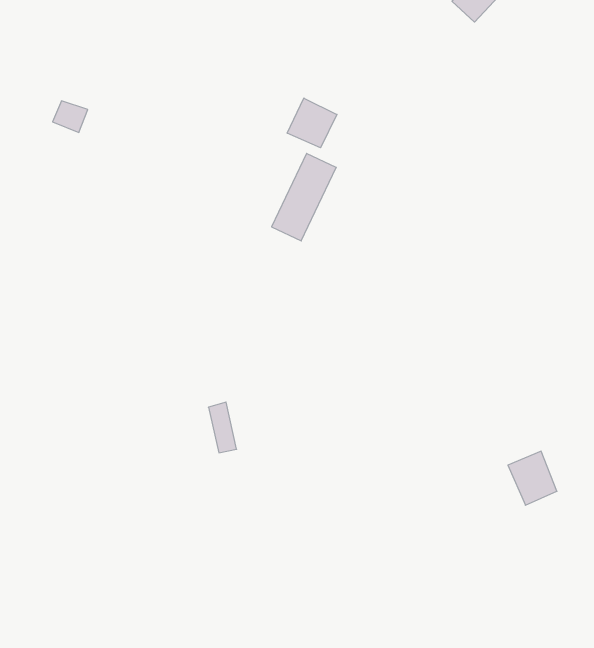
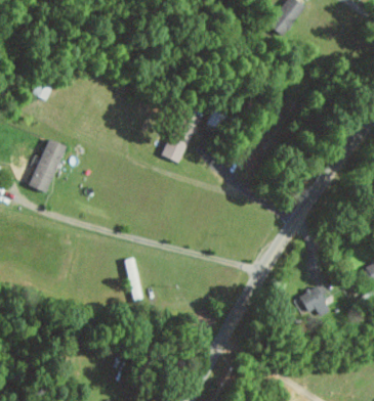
building: [287,98,337,148] -> none
building: none -> [29,138,66,192]

